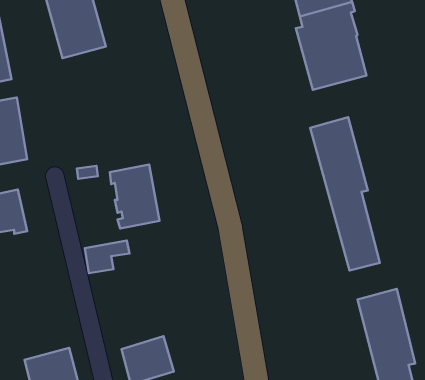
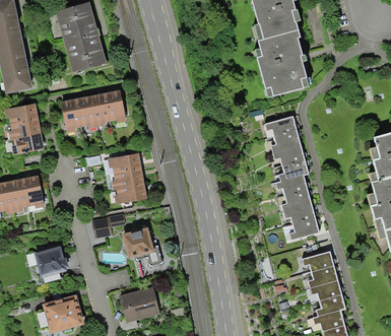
building: none -> [62,91,125,132]
building: none -> [122,227,162,267]
building: none -> [31,245,69,279]

